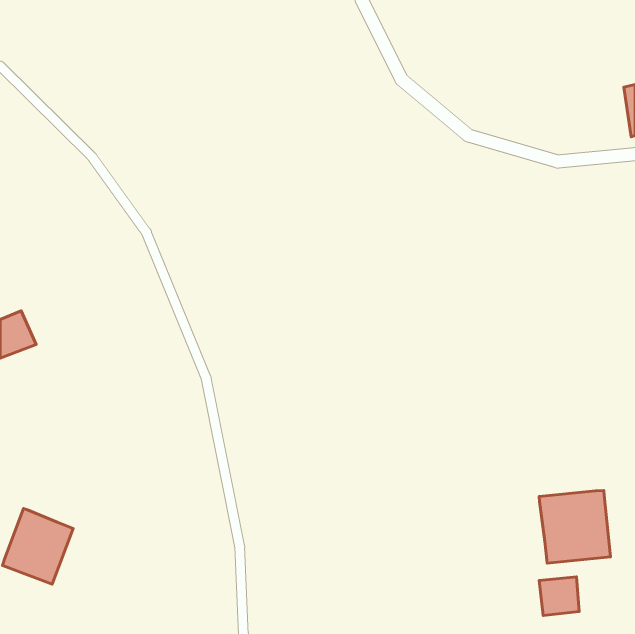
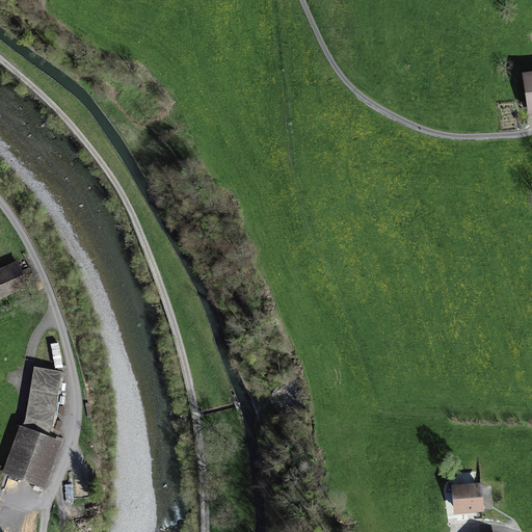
building: none -> [23,366,61,436]
building: [539,490,610,563] -> none

